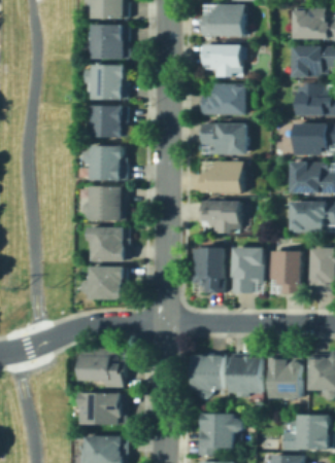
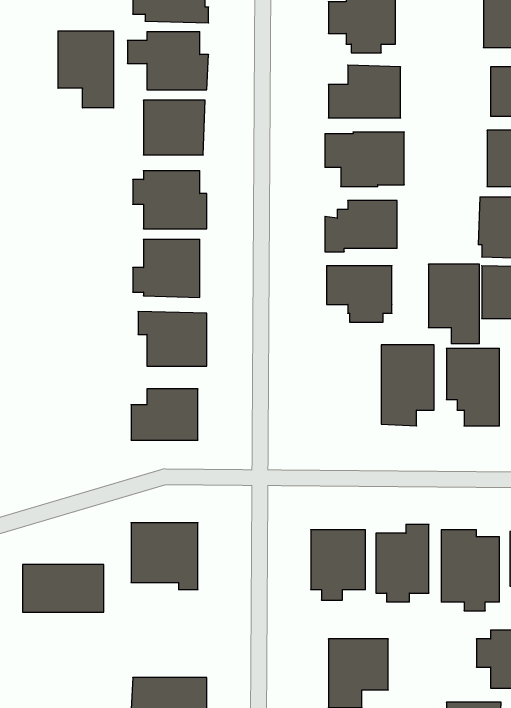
building: none -> [58,31,114,108]
building: [190,245,220,291] -> [428,264,479,344]
building: [80,397,128,425] -> [23,565,104,612]

